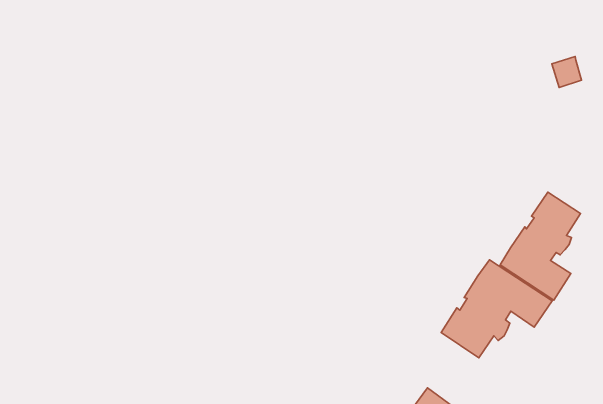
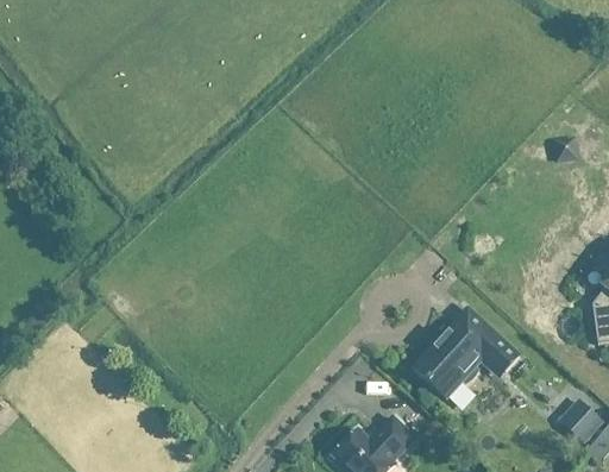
building: [500,192,581,300] -> none

